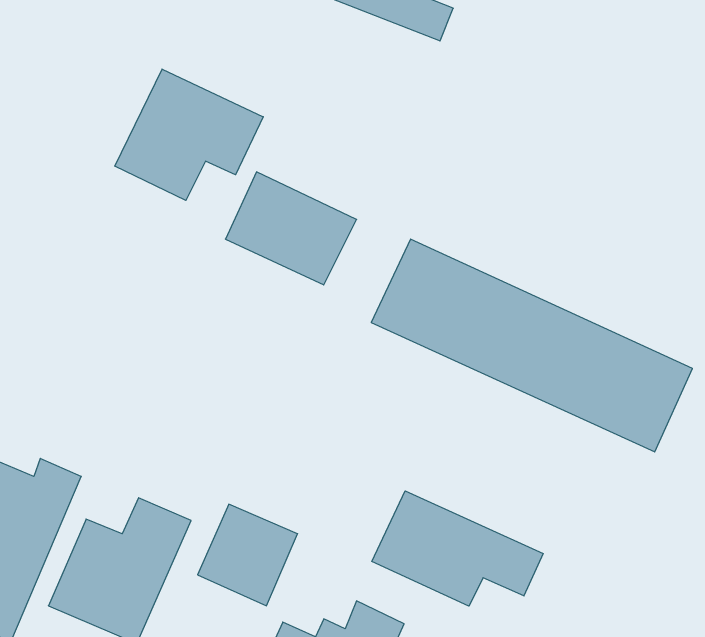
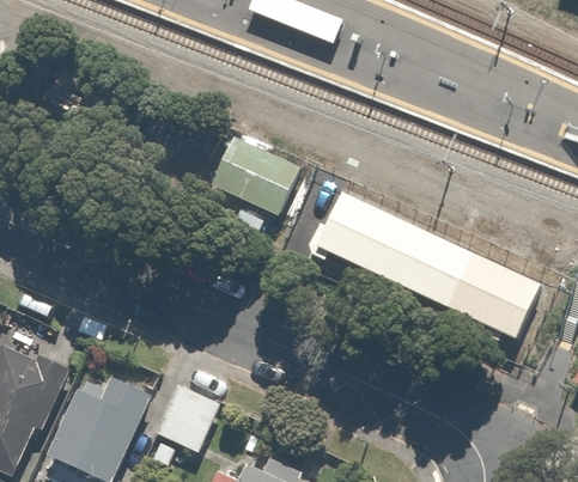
building: [115,69,263,200] -> none
building: [372,491,543,606] -> none

